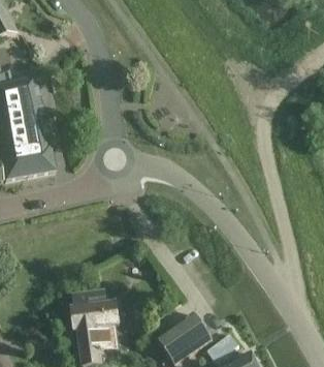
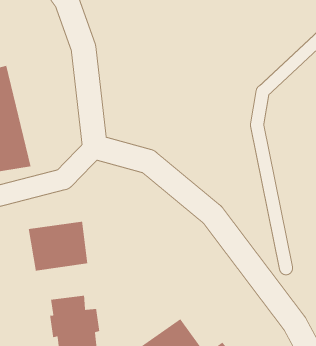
building: none -> [28,221,88,272]

